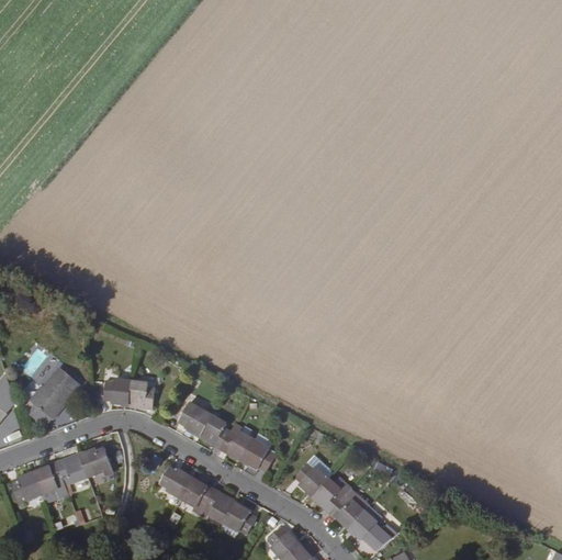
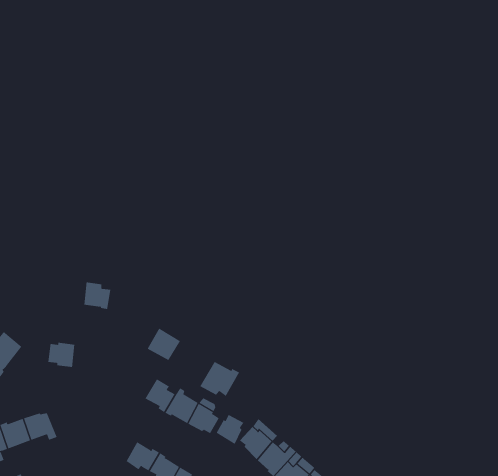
building: [128,381,156,408] -> [84,282,111,309]
building: none -> [199,361,240,397]
building: [178,402,212,435] -> [147,328,181,361]
building: none -> [216,414,244,445]
building: [159,467,192,497] -> none

